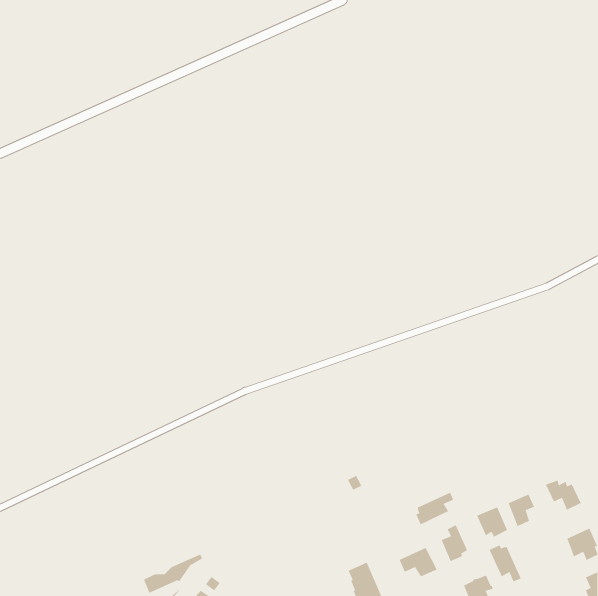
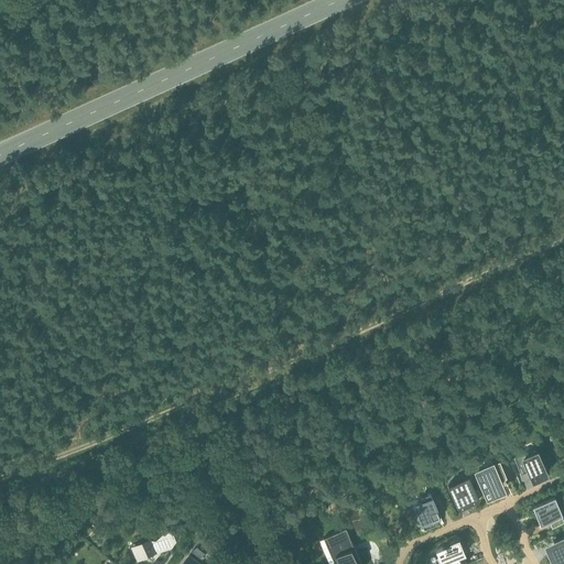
building: [415,492,454,525] -> none
building: [489,545,522,582] -> none
building: [399,547,437,577] -> none

